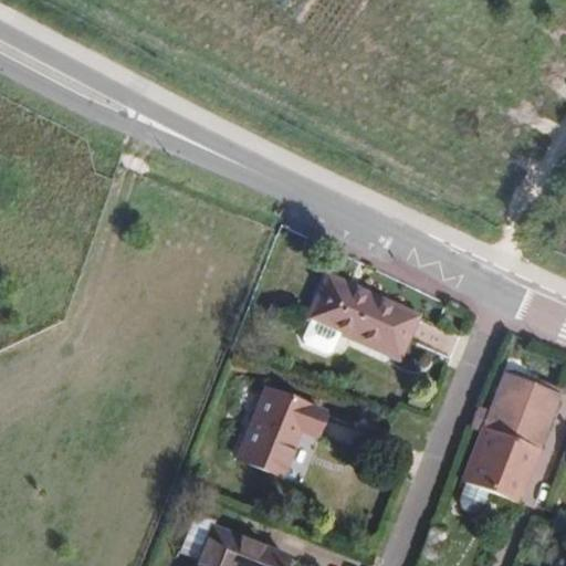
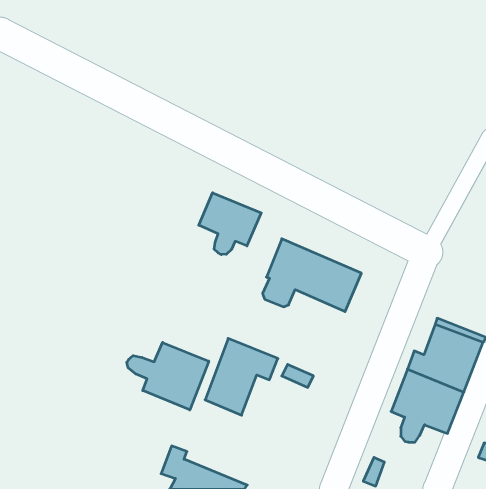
building: none -> [199,193,261,255]
building: none -> [127,342,209,410]

